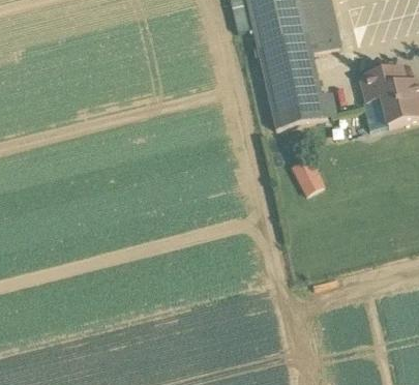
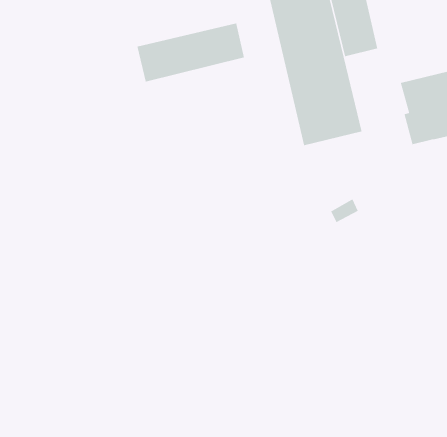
building: none -> [137,23,245,82]

